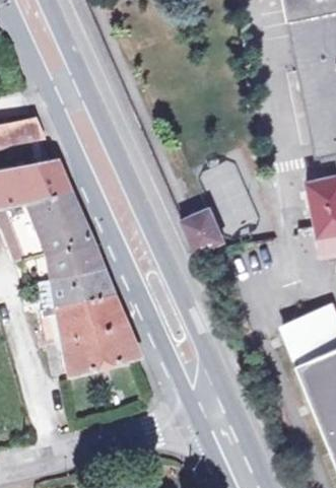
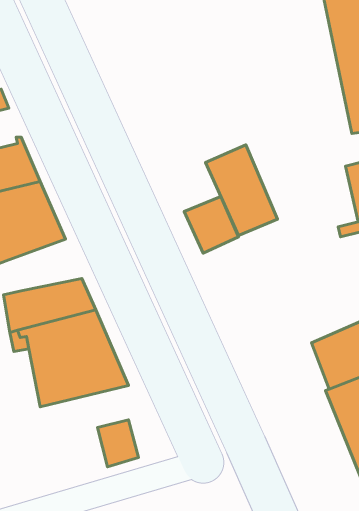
building: [39,238,99,280] -> none
building: none -> [98,420,139,467]

